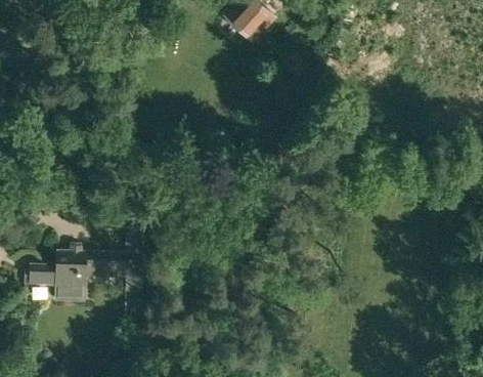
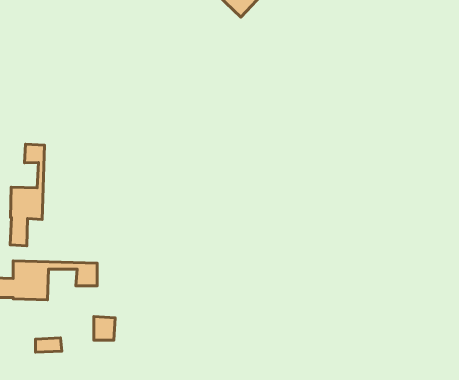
building: none -> [10,144,44,246]

